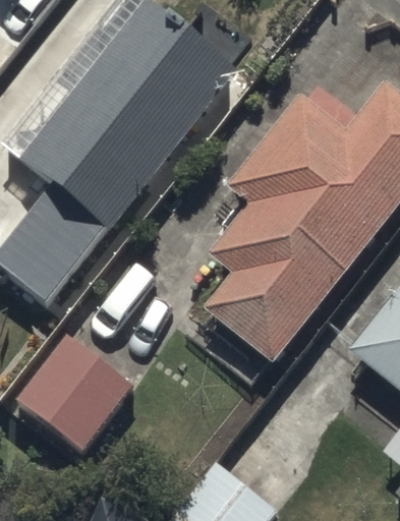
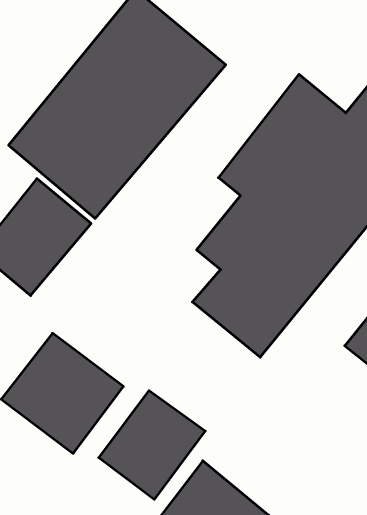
building: none -> [99,391,205,499]

